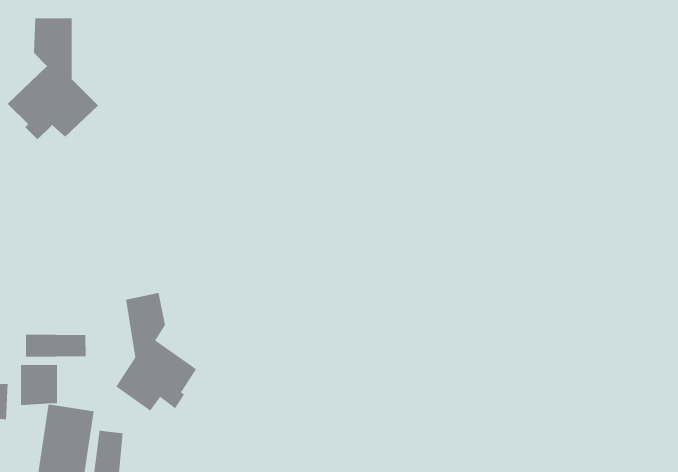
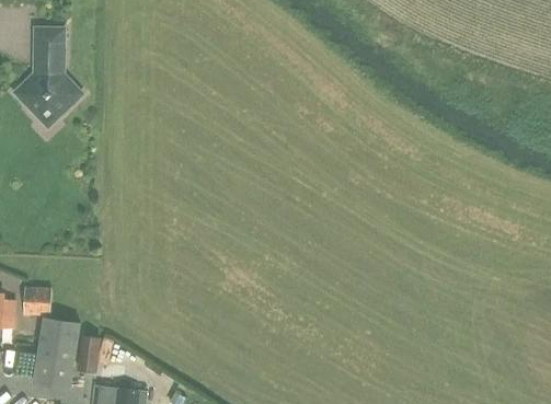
building: [116,292,197,411] -> none
building: [26,334,86,357] -> none

